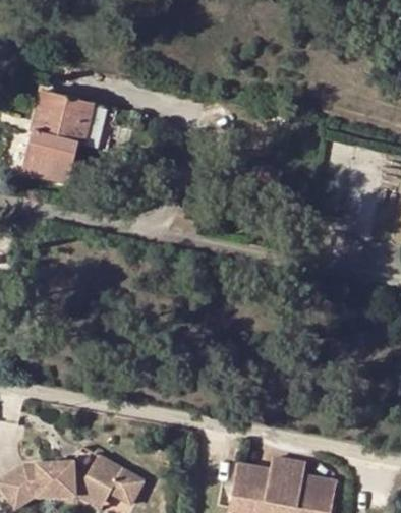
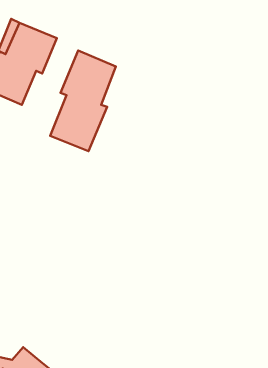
building: none -> [50,50,116,151]

